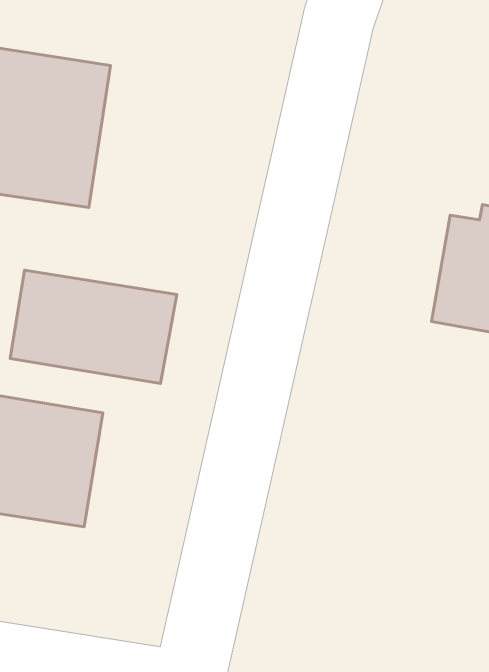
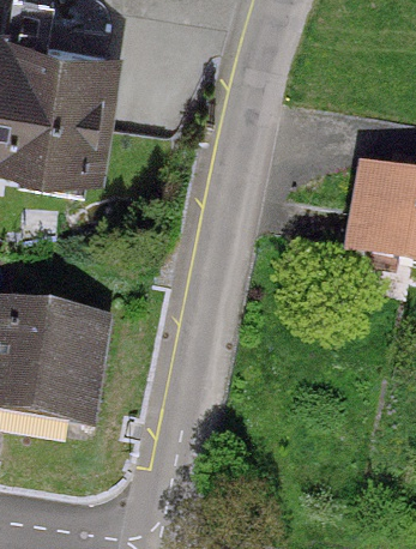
building: [10,270,177,384] -> none

